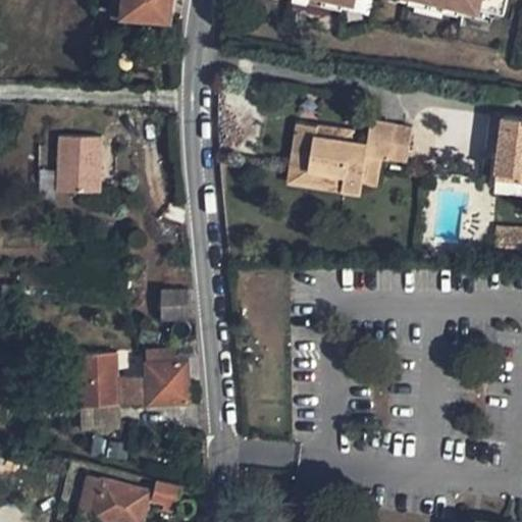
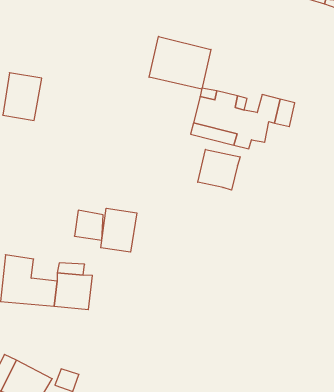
building: none -> [149,36,211,89]
building: none -> [198,149,240,190]
building: none -> [101,208,137,252]

